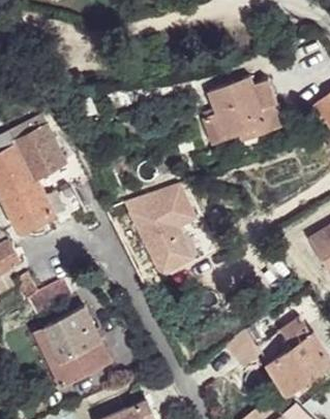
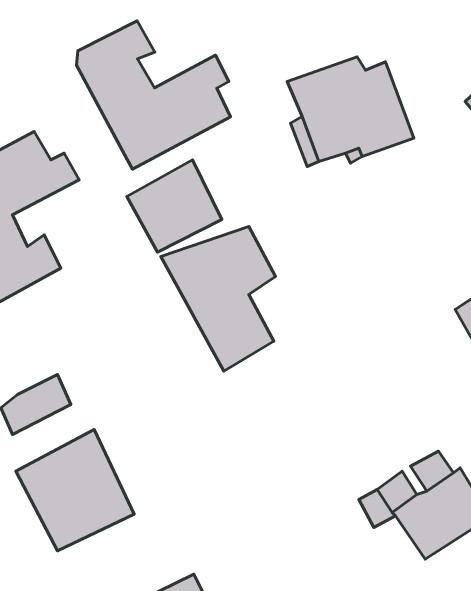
building: none -> [76,21,231,169]
building: none -> [127,160,222,252]

